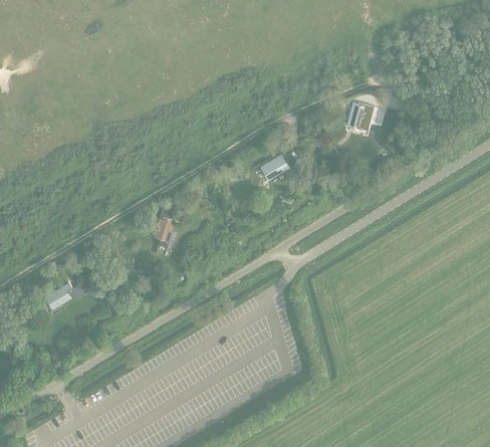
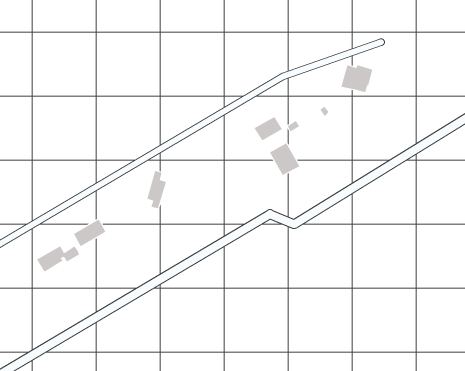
building: none -> [269,143,300,176]
building: none -> [73,219,106,247]

